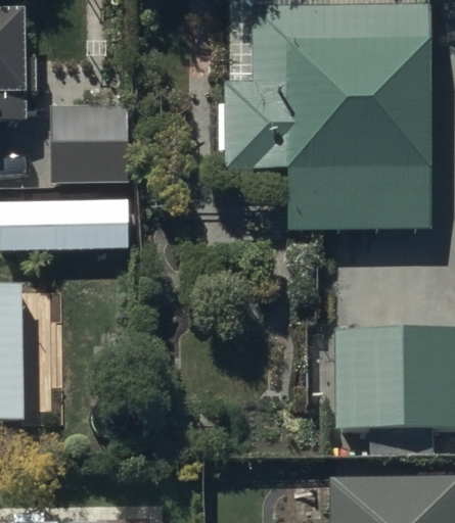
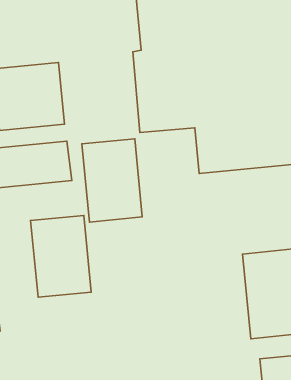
building: none -> [82,139,142,222]
building: none -> [31,215,91,297]

